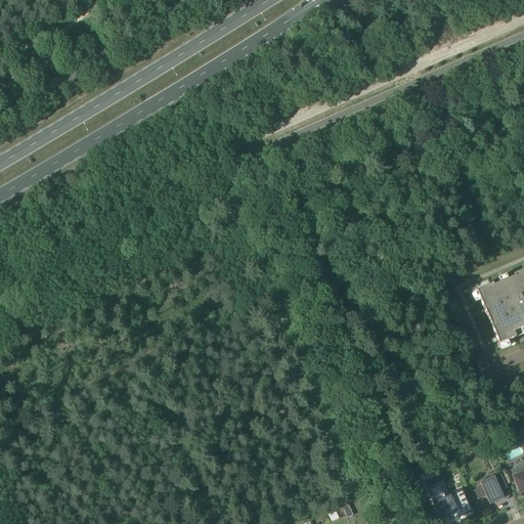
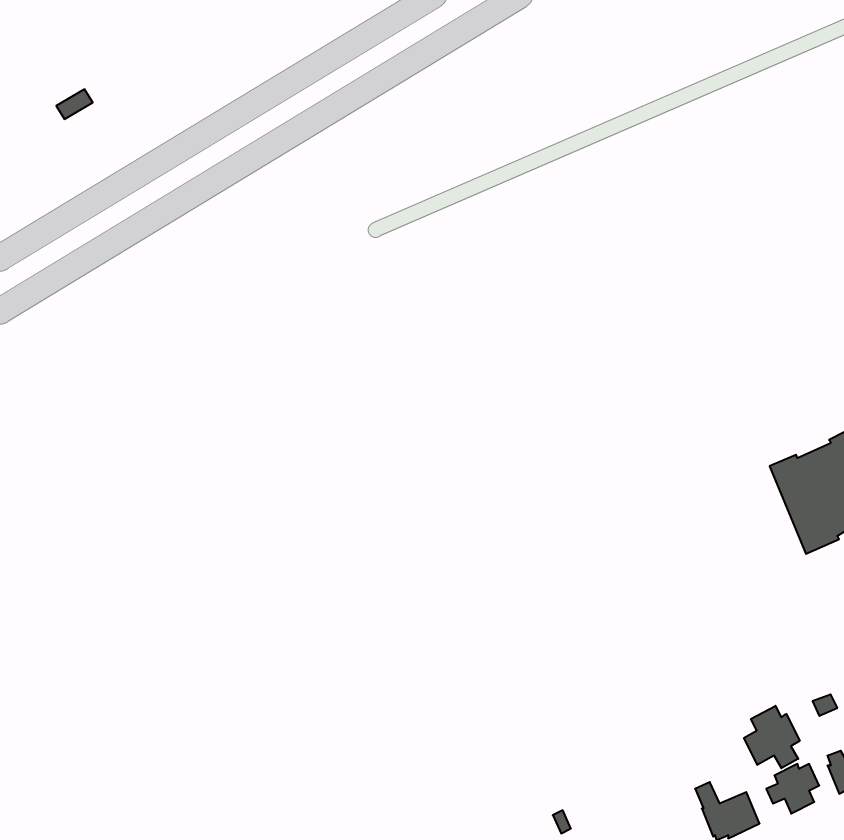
building: none -> [744,706,800,768]

